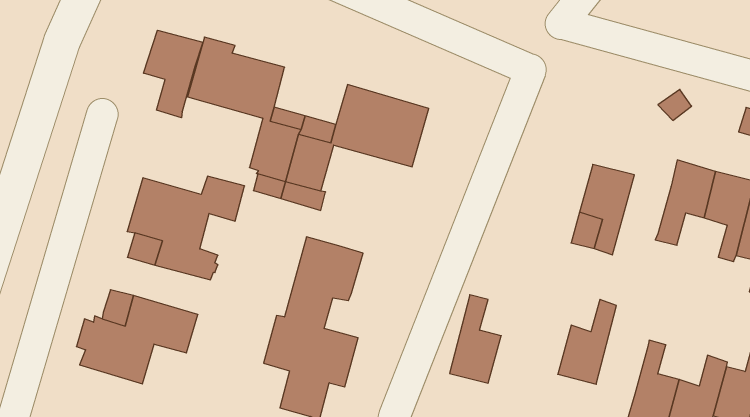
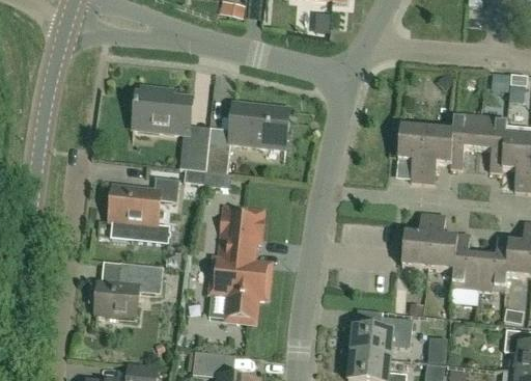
building: [144,30,203,118] -> none
building: none -> [423,129,453,184]
building: [450,295,501,383] -> [427,215,456,270]

